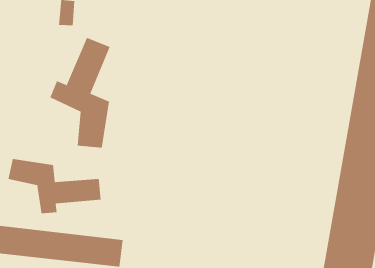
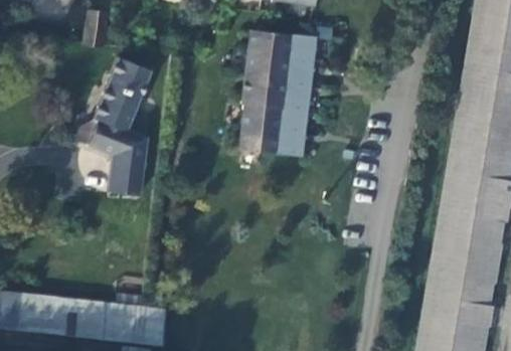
building: none -> [234,30,321,157]
building: [8,158,101,214] -> none

